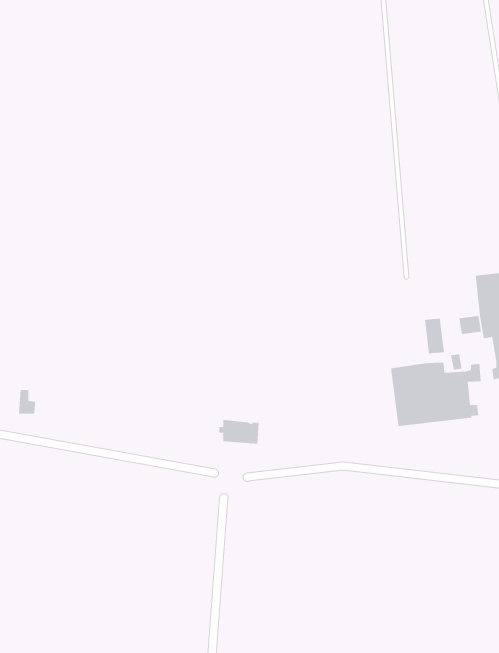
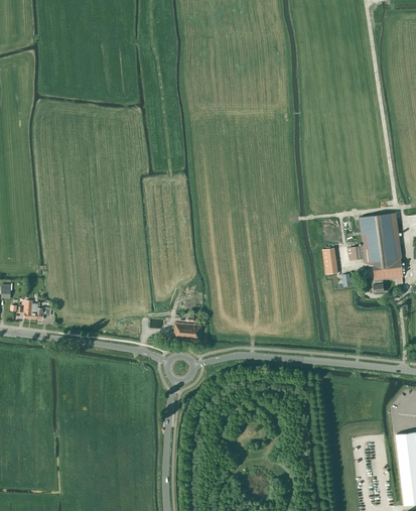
building: [390,362,481,427] -> none

